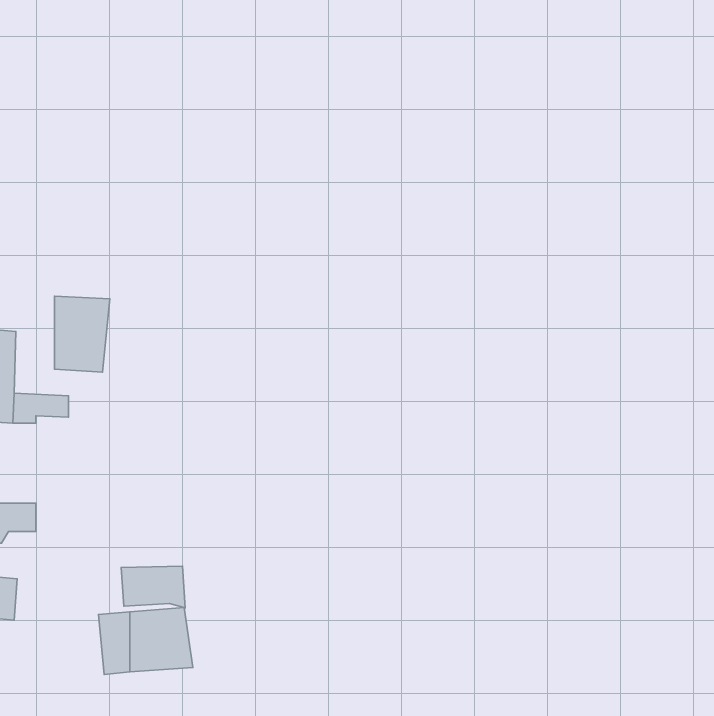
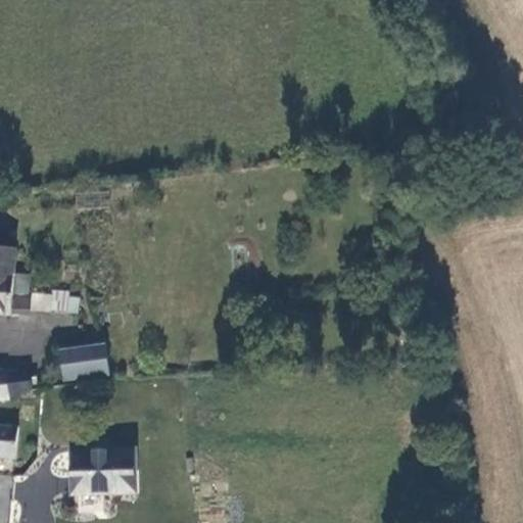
building: [54,296,110,372] -> none
building: [121,566,185,608] -> [59,351,105,381]

